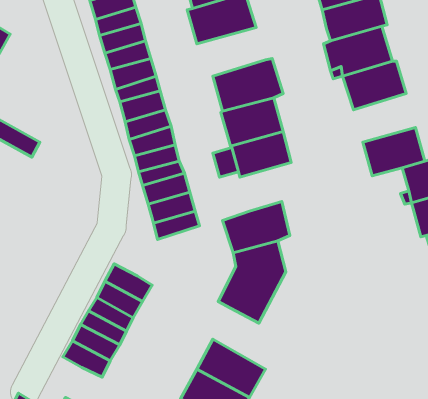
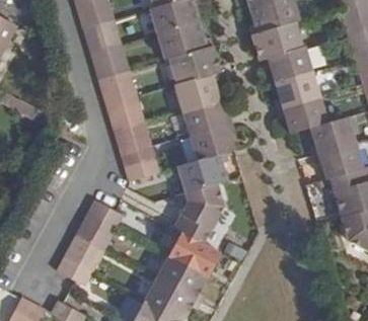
building: none -> [156,22,208,60]
building: none -> [274,72,320,108]
building: none -> [189,124,234,160]
building: none -> [168,233,221,278]

